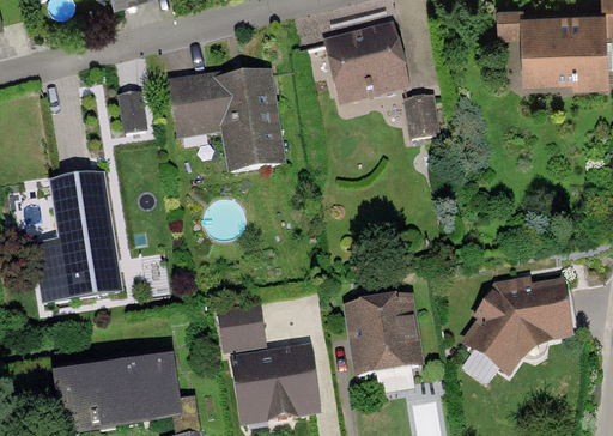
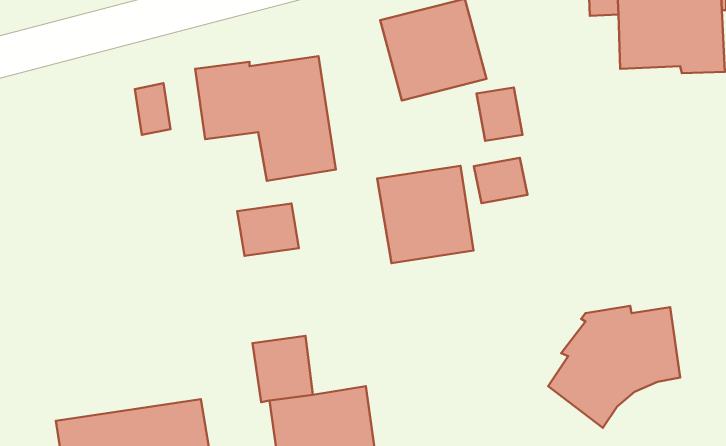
building: none -> [474,158,527,203]
building: [32,171,121,302] -> none
building: none -> [237,204,299,256]
building: [342,292,423,374] -> [377,166,473,263]

